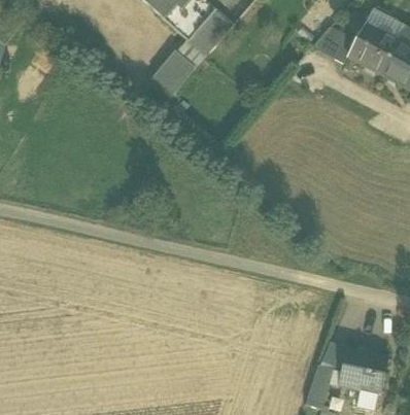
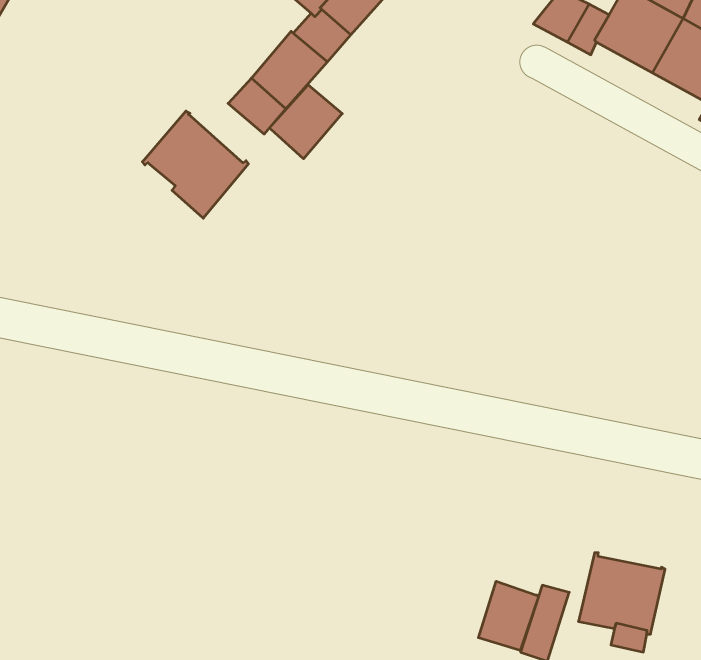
building: none -> [269,85,342,159]
building: none -> [142,111,248,218]
building: none -> [478,581,539,651]

